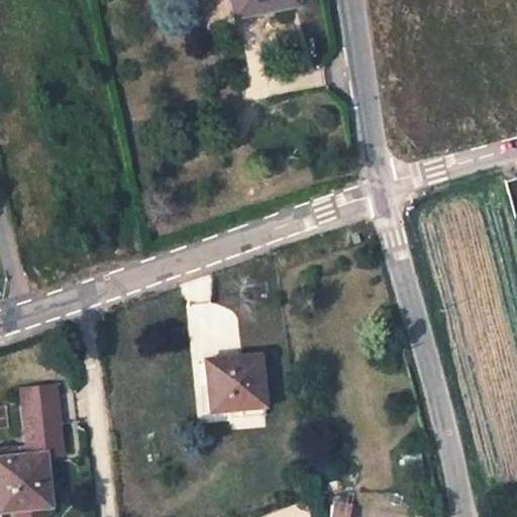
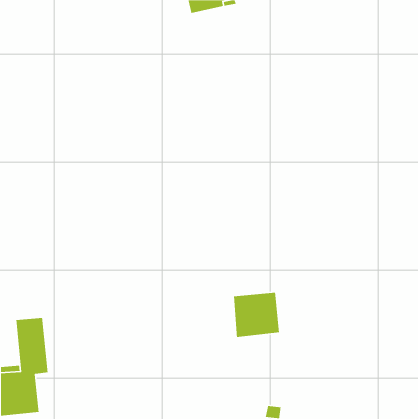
building: [208,356,266,413] -> [233,292,280,338]

